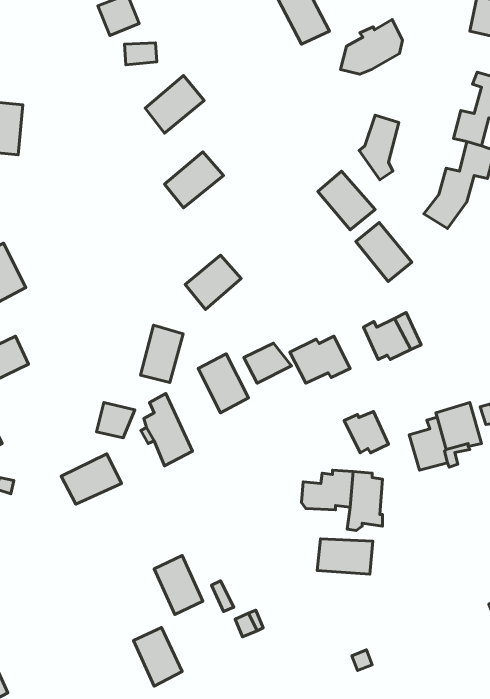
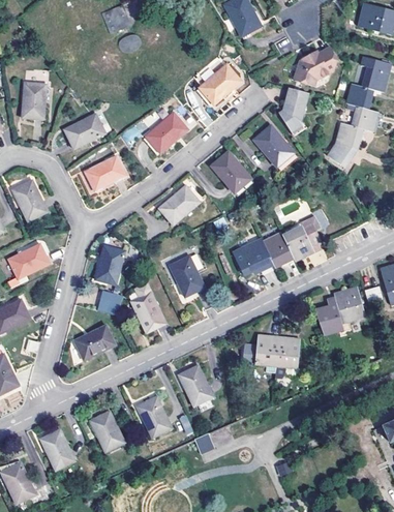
building: [341,20,403,74] -> [296,44,339,83]
building: [145,76,204,133] -> [199,64,240,104]
building: none -> [63,112,103,148]
building: none -> [83,154,124,189]
building: [356,222,412,281] -> [209,151,248,192]
building: [140,325,183,383] -> [94,244,124,284]
building: [244,343,292,383] -> none
building: [344,412,388,453] -> [264,236,295,265]
building: none -> [179,364,214,406]
building: [317,539,373,574] -> none
building: none -> [40,428,74,470]
building: [133,627,182,686] -> [90,410,124,451]

